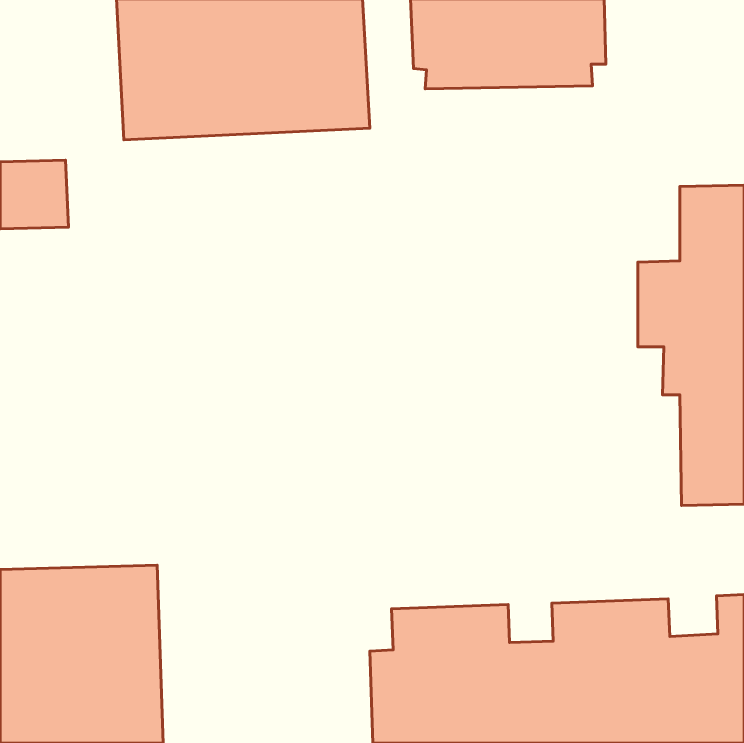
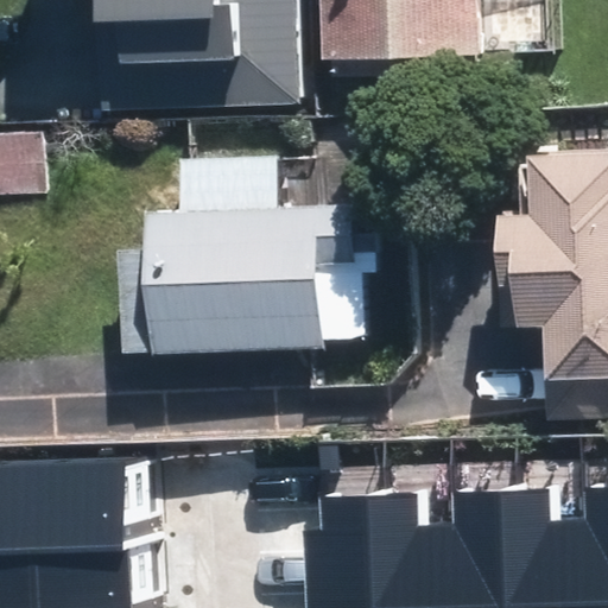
building: none -> [135,203,369,350]

